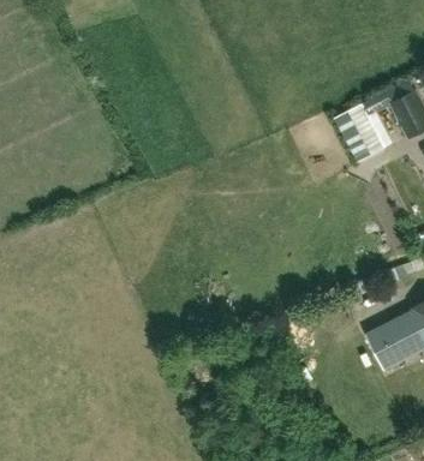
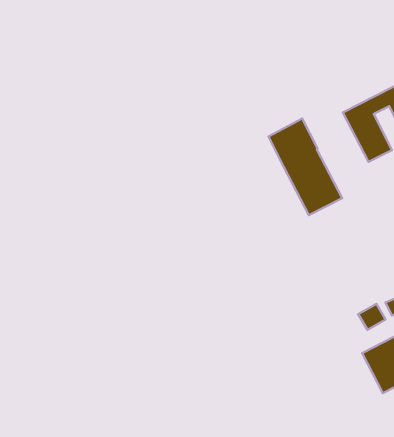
building: none -> [268,119,342,215]

